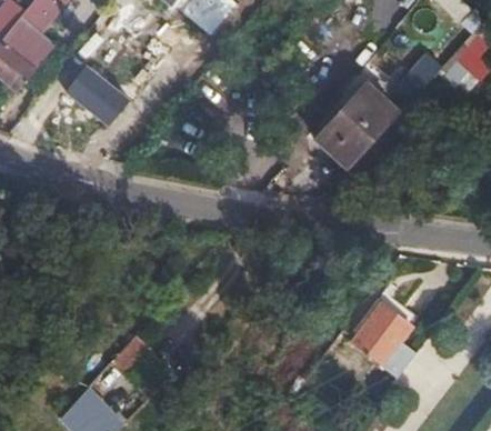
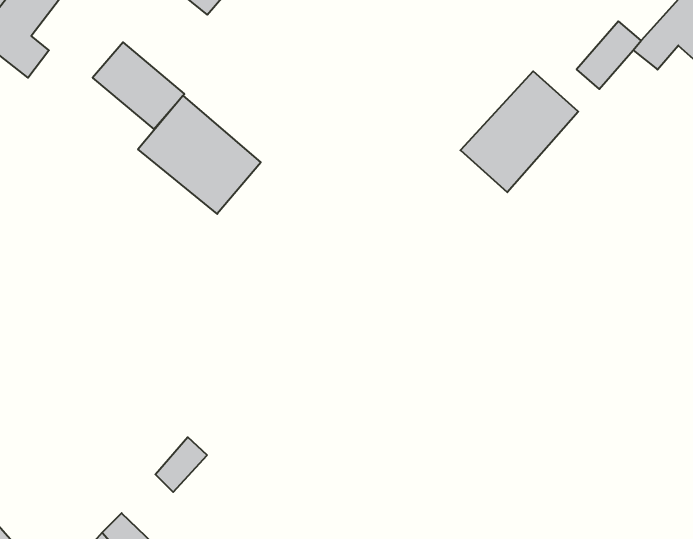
building: none -> [138,96,261,214]
building: [353,305,413,377] -> none

